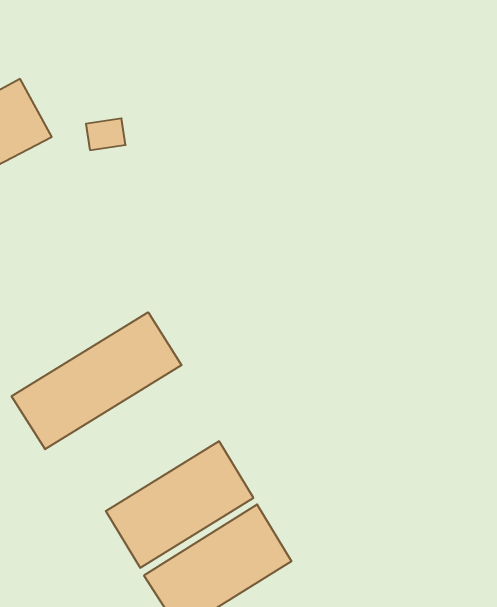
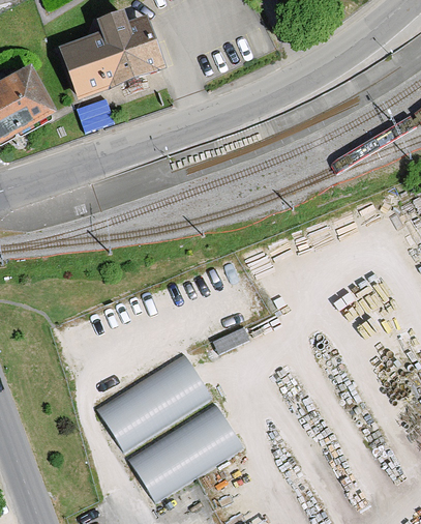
building: none -> [59,11,166,101]
building: [12,312,182,449] -> none

